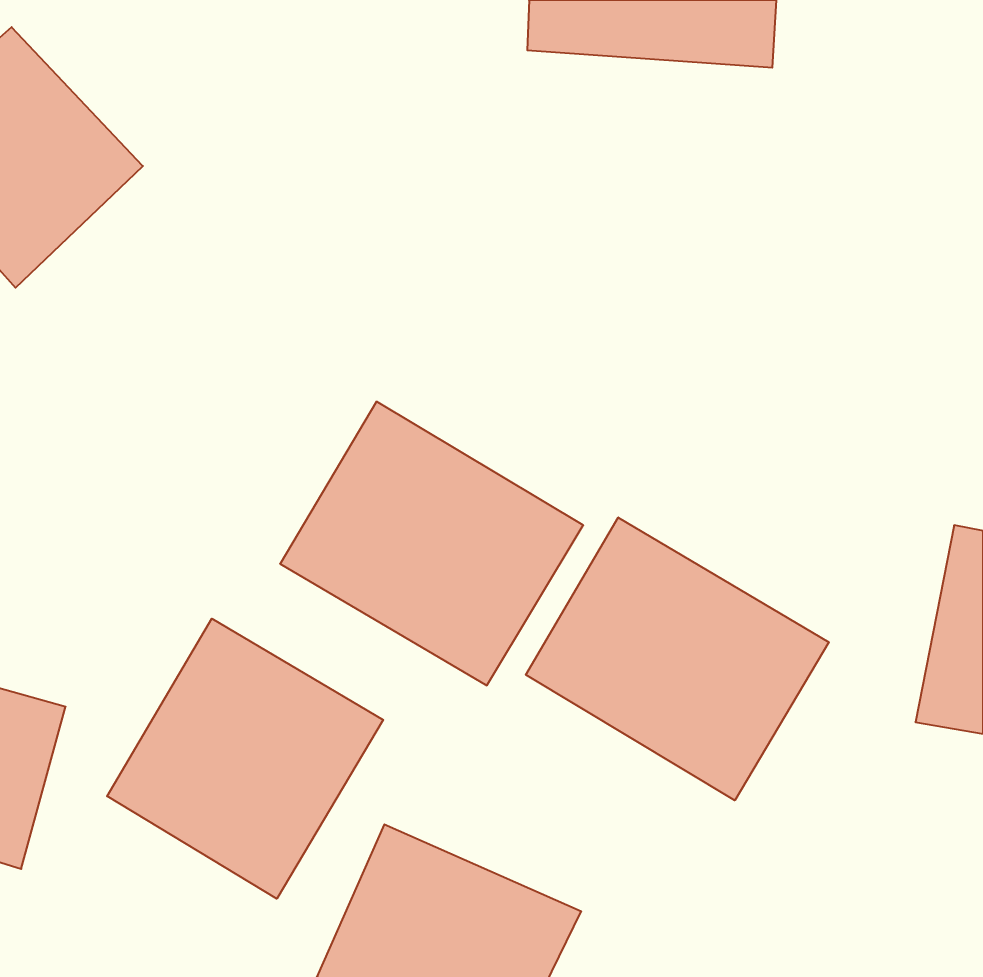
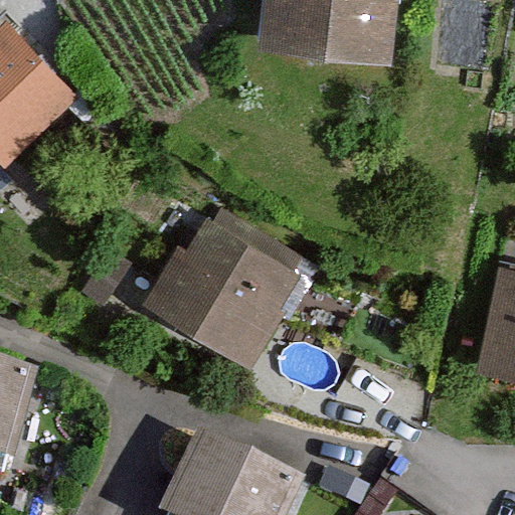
building: [526,517,829,800] -> none
building: [107,619,383,899] -> none

